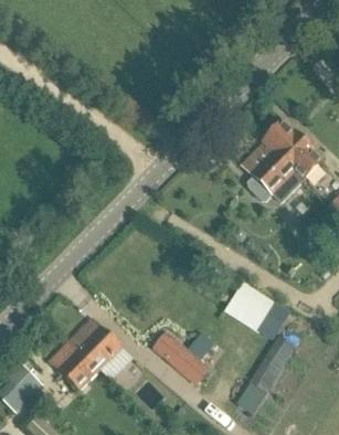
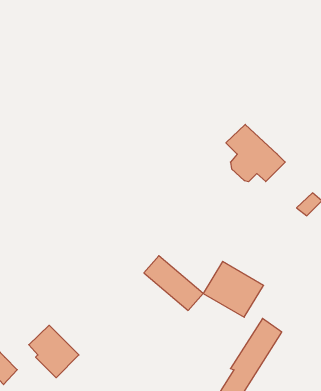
building: [259,121,321,181] -> none
building: [71,318,120,368] -> none
building: [151,331,209,384] -> [144,256,203,310]

